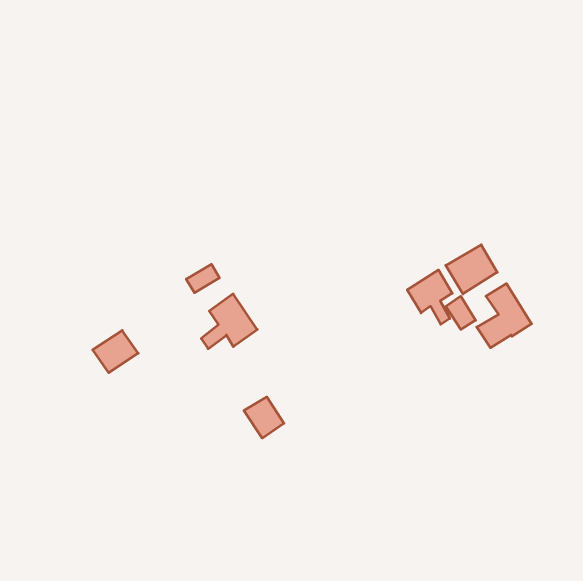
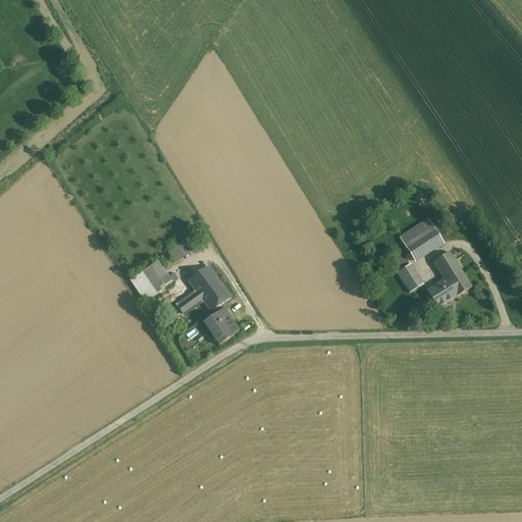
building: [407,270,452,324] -> none
building: [93,330,138,373] -> [130,261,171,299]
building: [244,397,284,438] -> [204,305,240,342]

